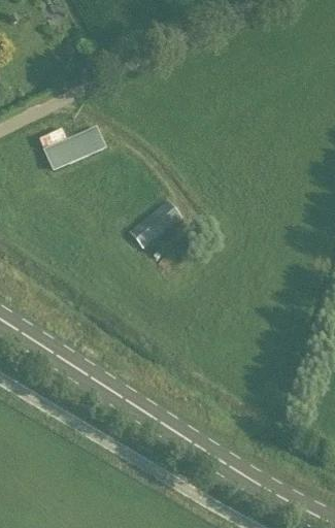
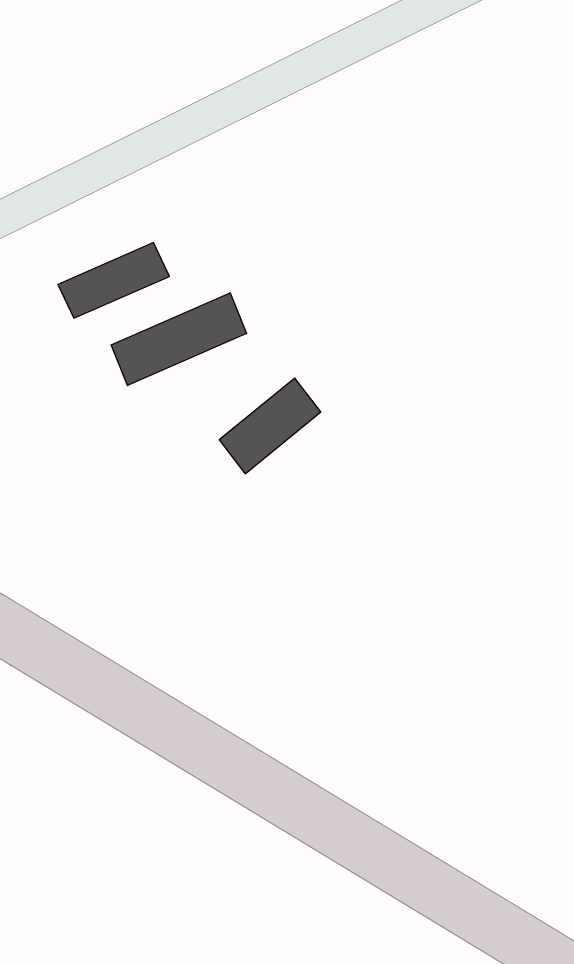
building: none -> [111,293,247,386]

